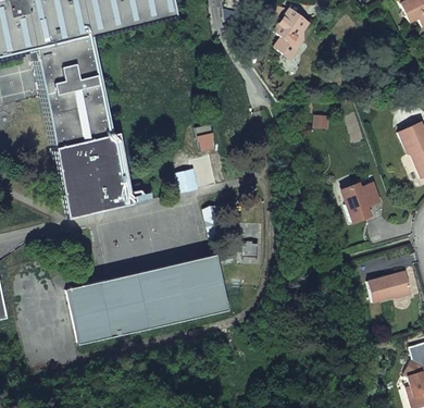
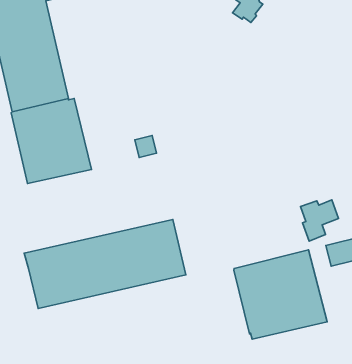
building: [342,182,381,223] -> [300,200,338,241]
building: none -> [234,250,327,339]

